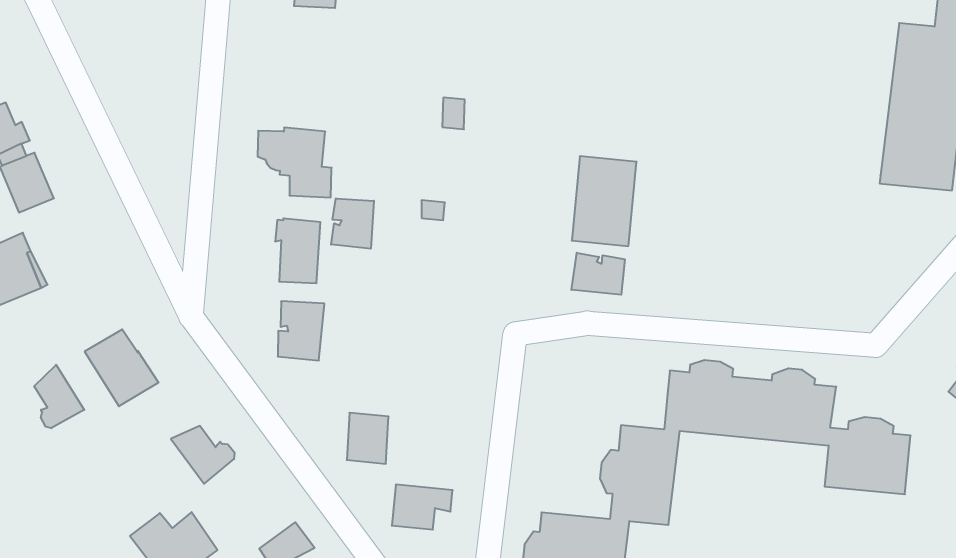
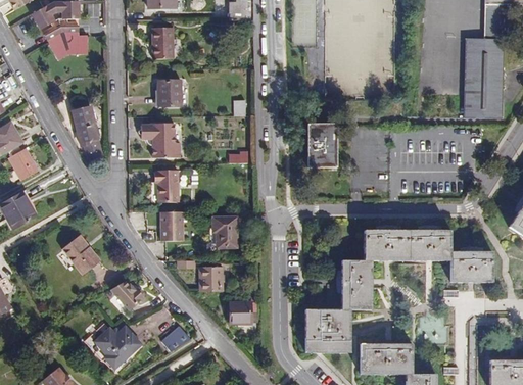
building: none -> [157,81,182,106]
building: none -> [72,105,101,160]
building: [331,198,374,249] -> none
building: [571,253,625,295] -> none
building: none -> [211,216,237,248]
building: [34,365,84,428] -> none

